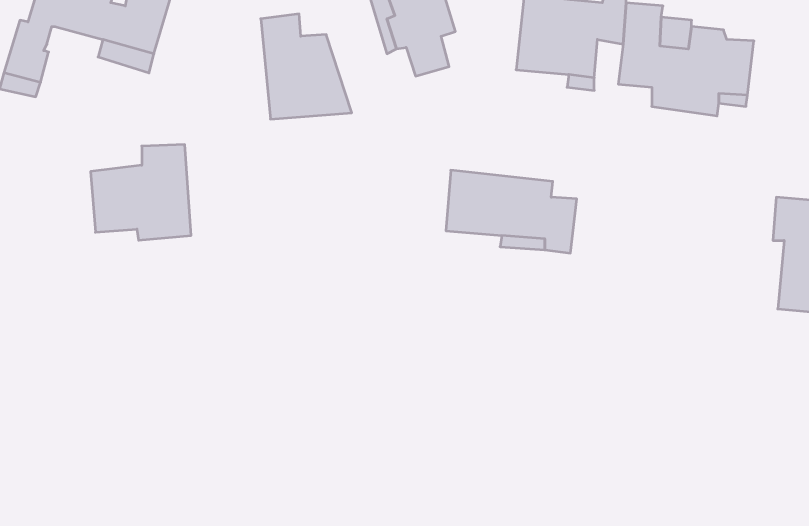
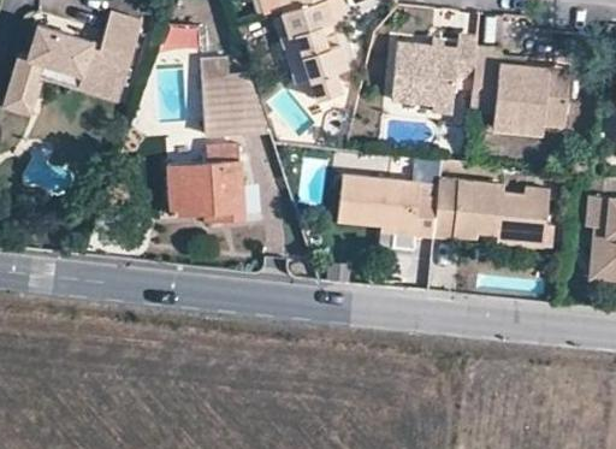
building: [91,145,191,240] -> [168,146,244,218]
building: none -> [433,178,547,247]

